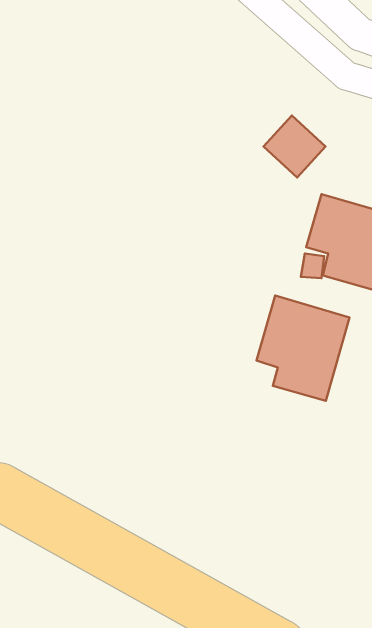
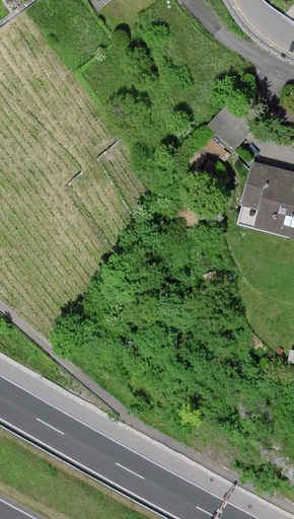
building: [256,296,350,401] -> none

